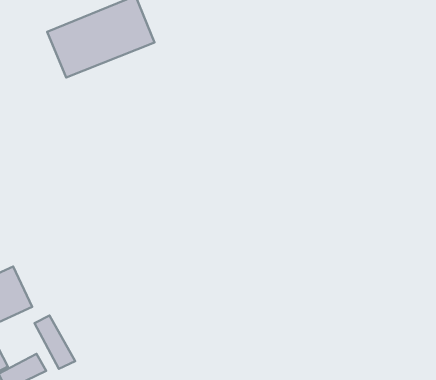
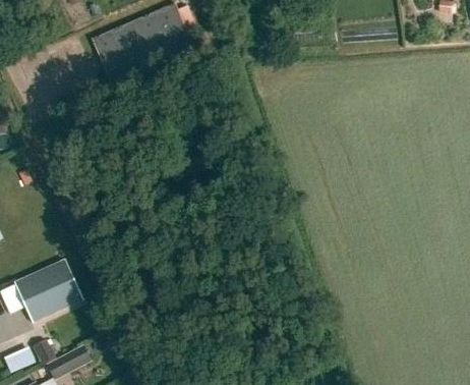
building: [35,315,75,369] -> none

